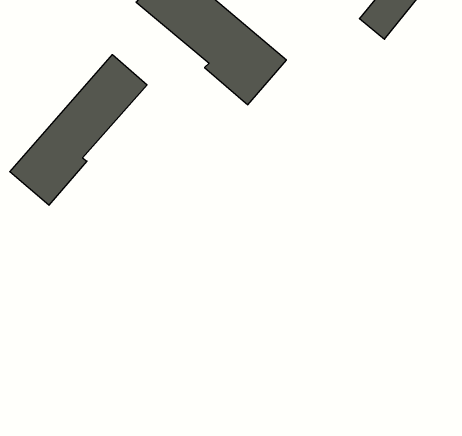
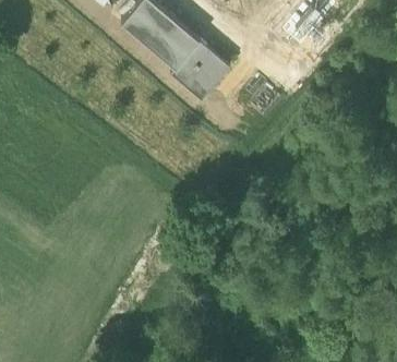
building: [10,55,147,205] -> none

